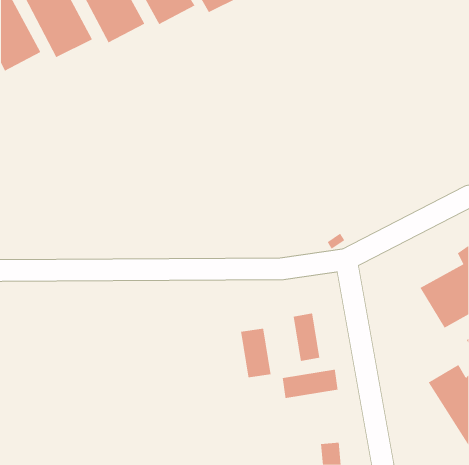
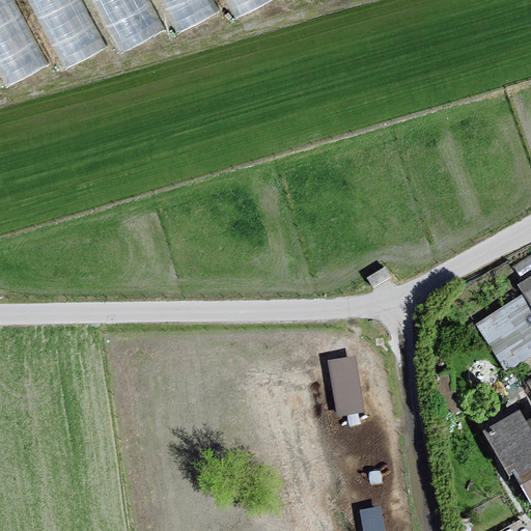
building: [241,328,271,378] -> none
building: [282,369,338,399] -> none

